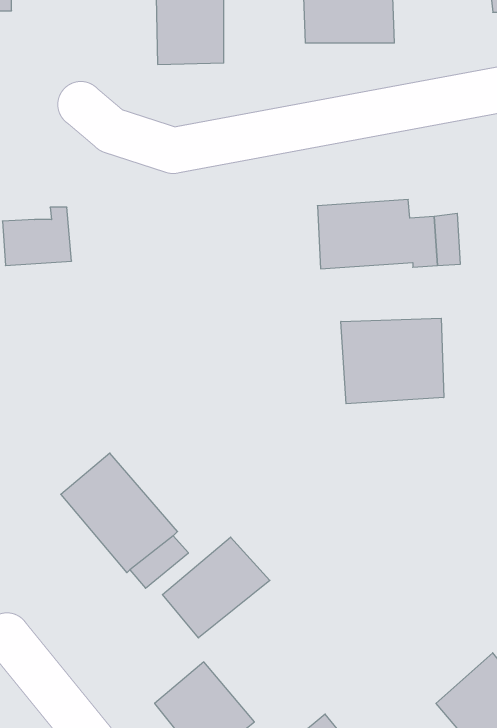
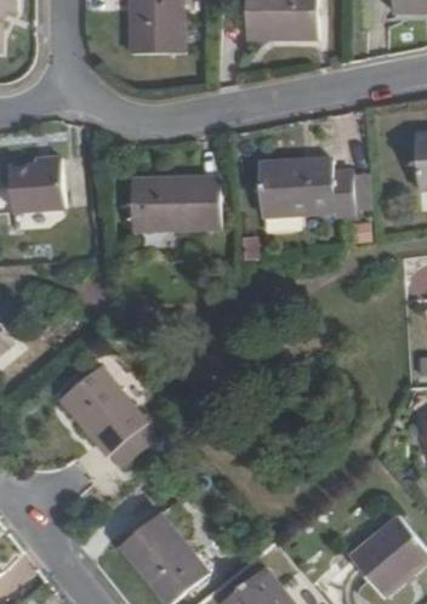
building: none -> [127,178,220,237]
building: [341,318,444,404] -> none
building: [162,537,270,638] -> none

